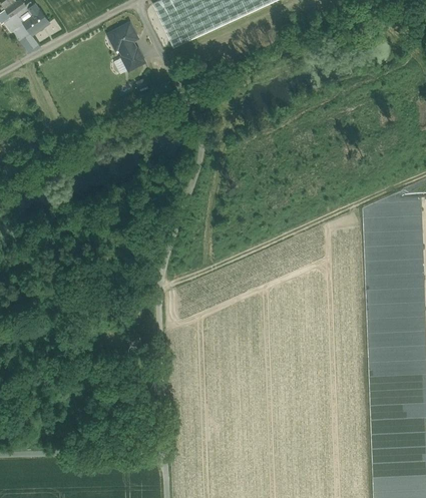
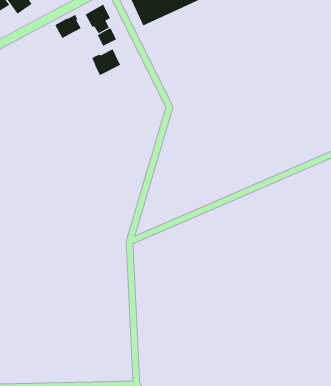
building: none -> [54,14,81,39]
building: none -> [91,49,121,76]

